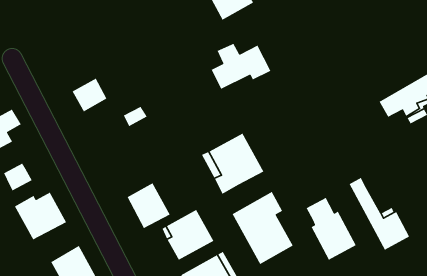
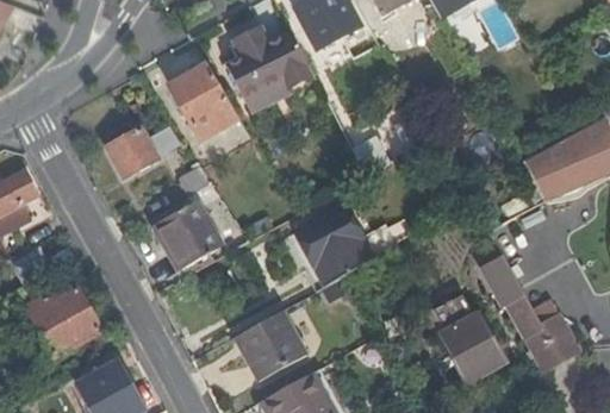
building: none -> [169,61,238,138]
building: [211,43,271,90] -> [226,29,311,94]
building: [126,182,171,229] -> [156,201,218,267]
building: [232,191,294,265] -> none

